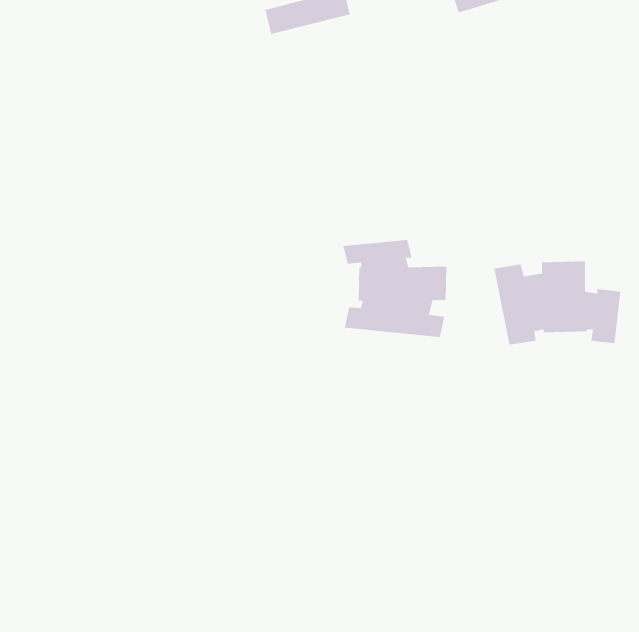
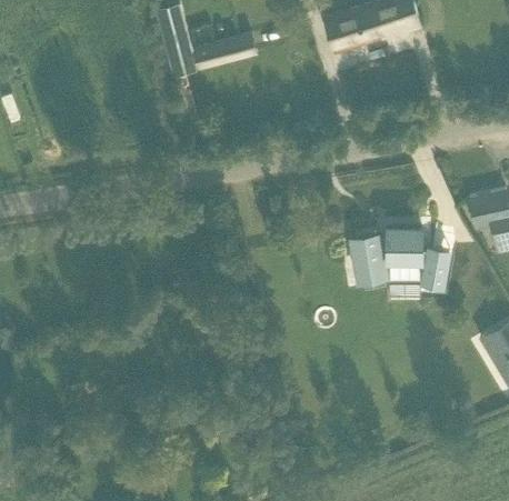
building: [343,239,447,338] -> none

